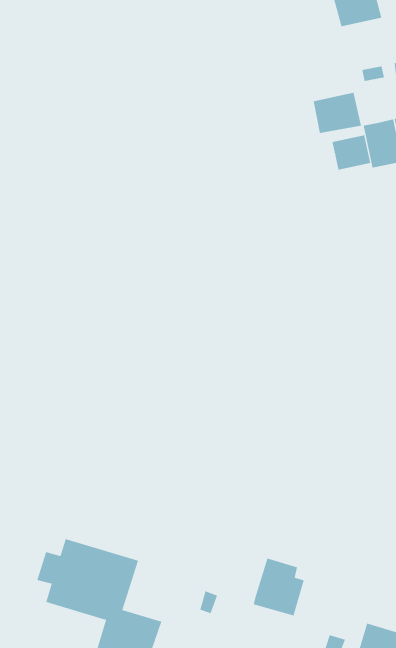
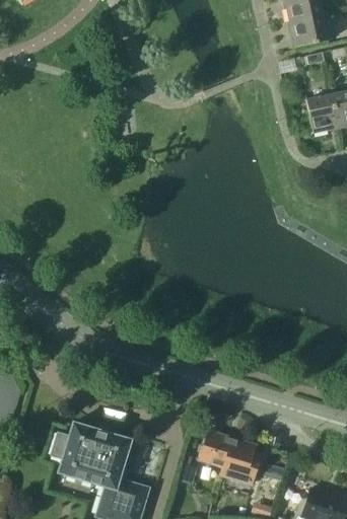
building: [313,92,362,134] -> [289,15,328,48]
building: [332,135,371,170] -> none
building: none -> [198,430,231,467]

